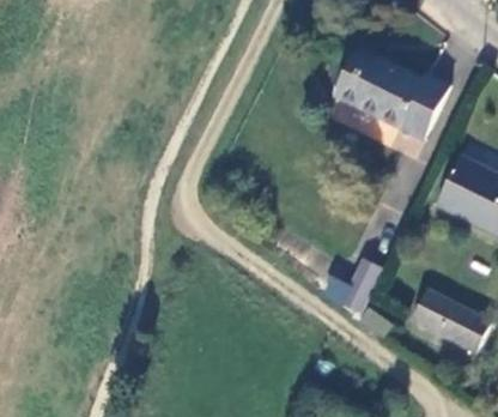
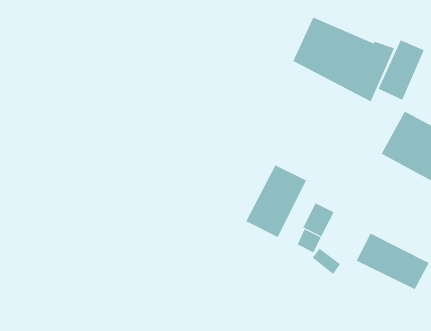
building: none -> [378,40,425,100]
building: none -> [245,165,307,238]

